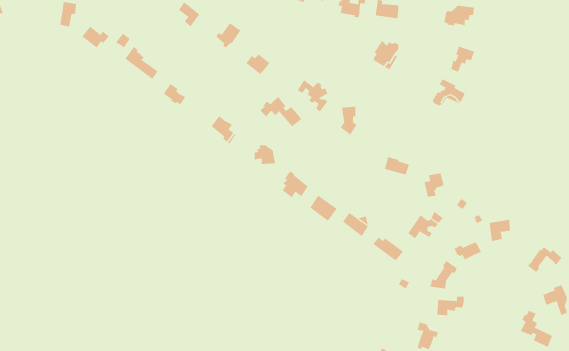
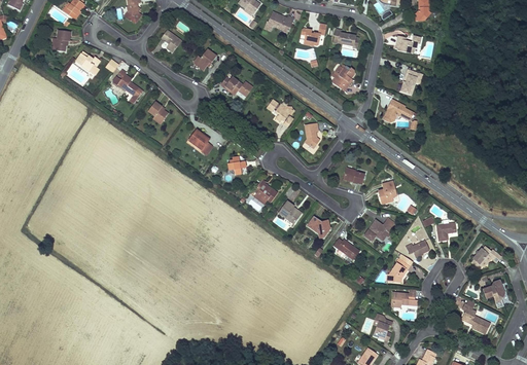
building: [260,96,302,127] -> none

